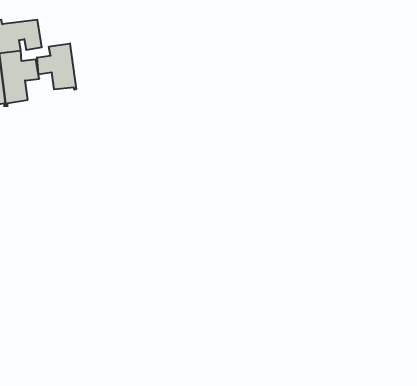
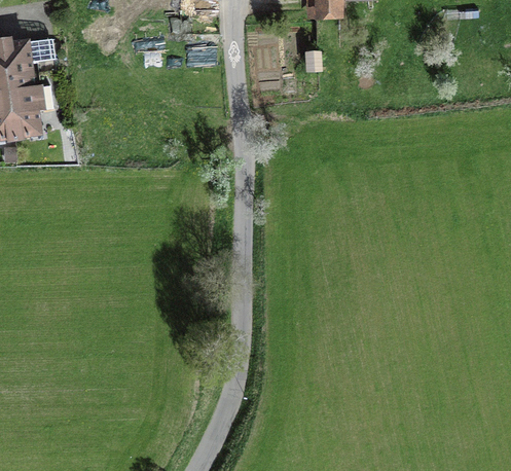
building: [37,43,76,90] -> none

